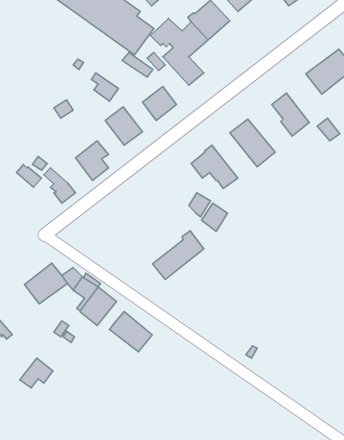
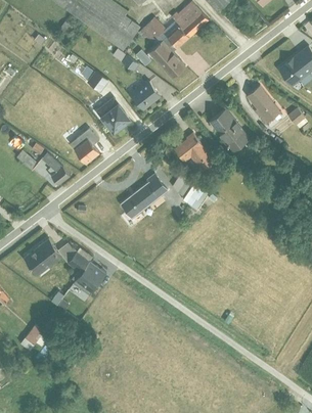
building: [153,231,204,280] -> [121,174,167,218]
building: [109,312,152,352] -> none

